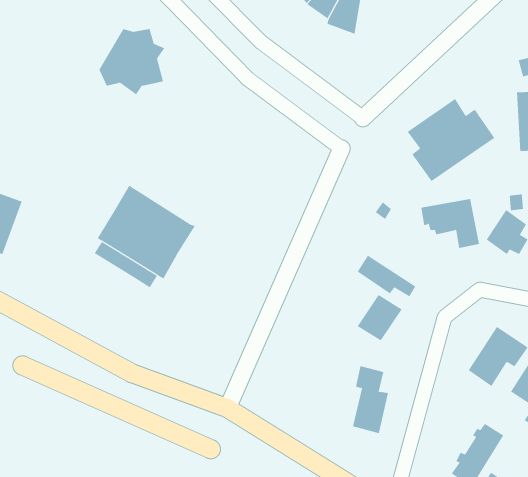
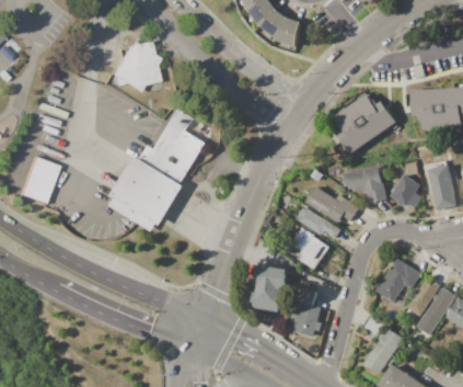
building: none -> [136,110,204,185]
building: none -> [305,186,358,223]
building: none -> [253,265,288,312]

